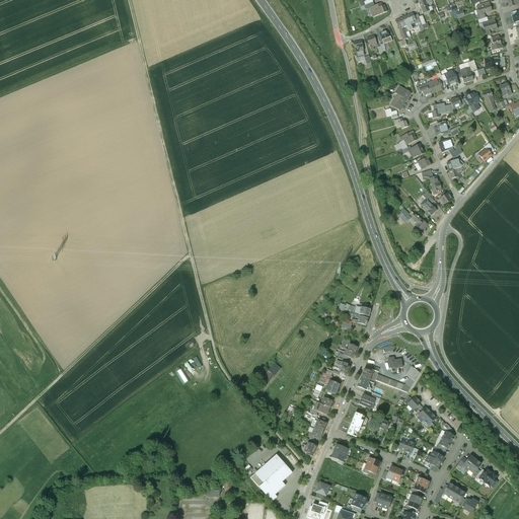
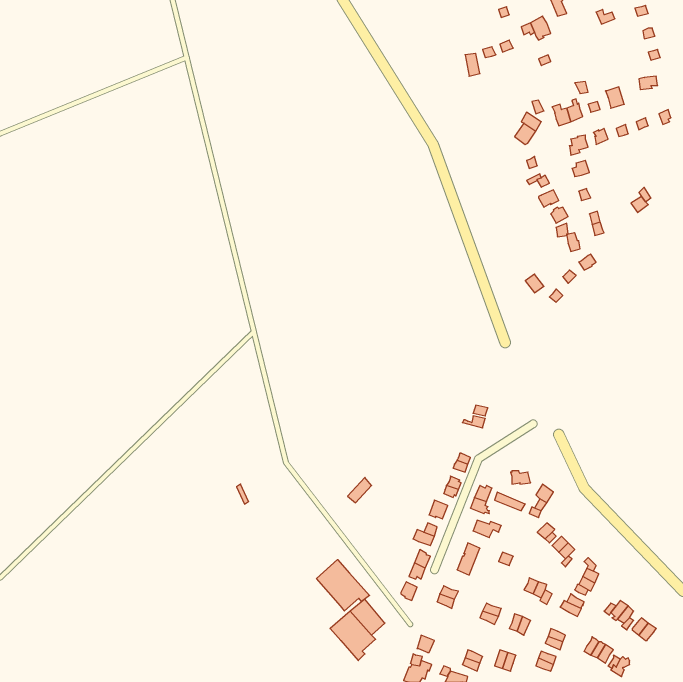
building: none -> [317,560,370,611]

